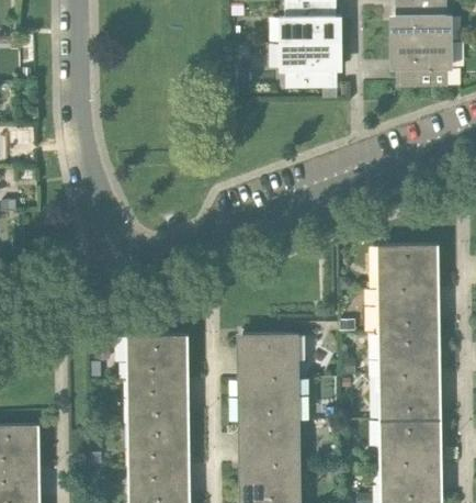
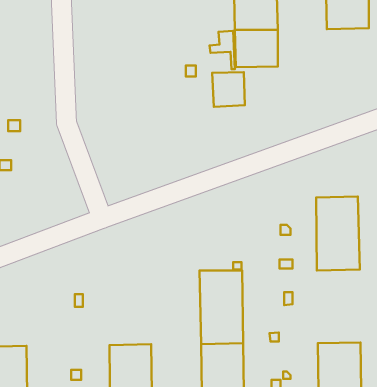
building: [396,41,447,86] -> none
building: none -> [212,72,245,107]
building: [384,332,437,421] -> none
building: [132,334,184,423] -> none

